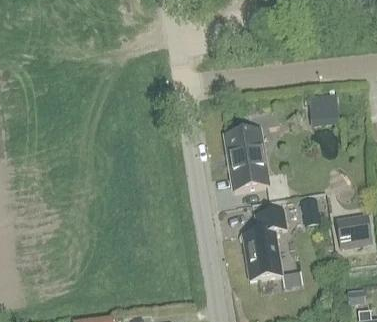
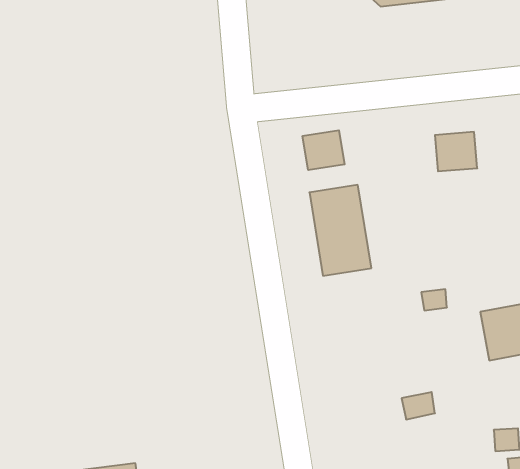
building: none -> [303,130,345,170]
building: [243,210,286,279] -> none

